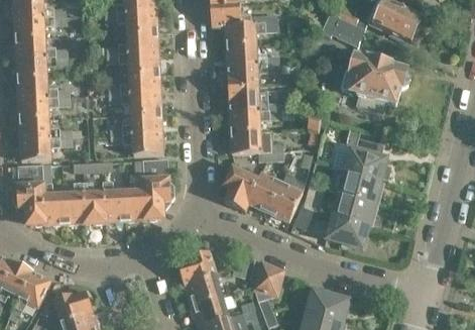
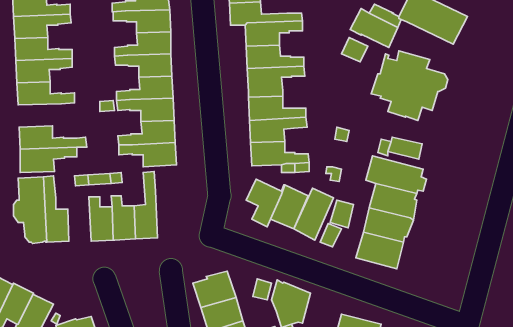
building: [18,97,70,119] -> none
building: [142,158,173,220] -> none
building: [64,183,85,223] -> none

